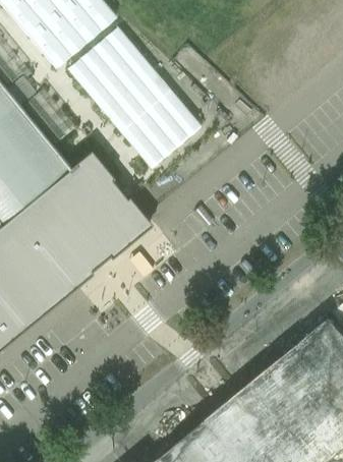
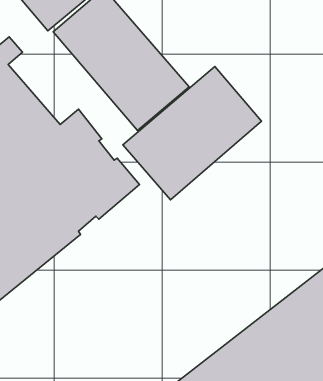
building: none -> [123,67,262,200]

